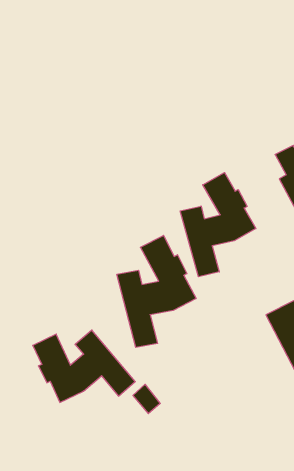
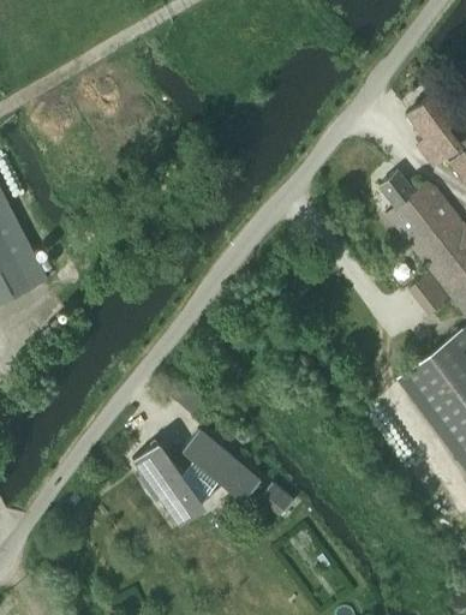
building: [180,173,256,277] -> none
building: [117,235,196,347] -> none

